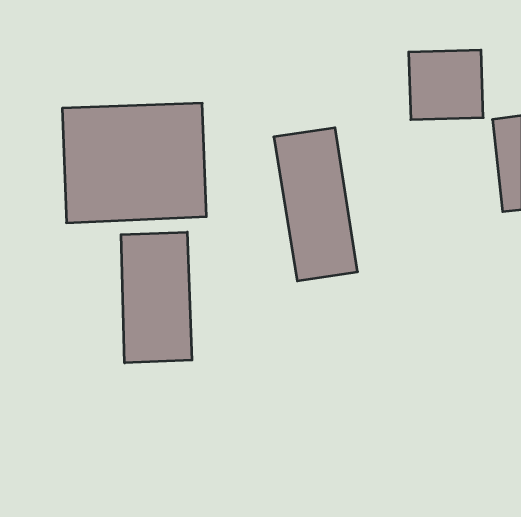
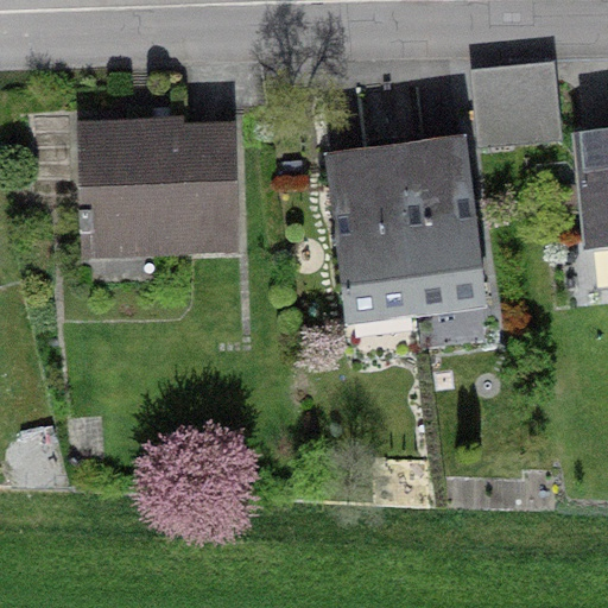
building: none -> [391,137,489,316]
building: [121,232,192,363] -> none

